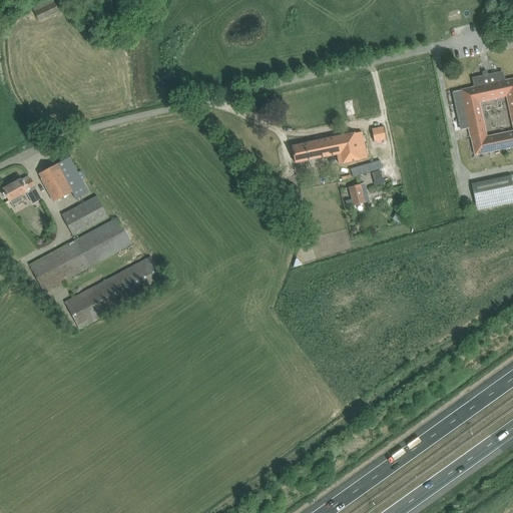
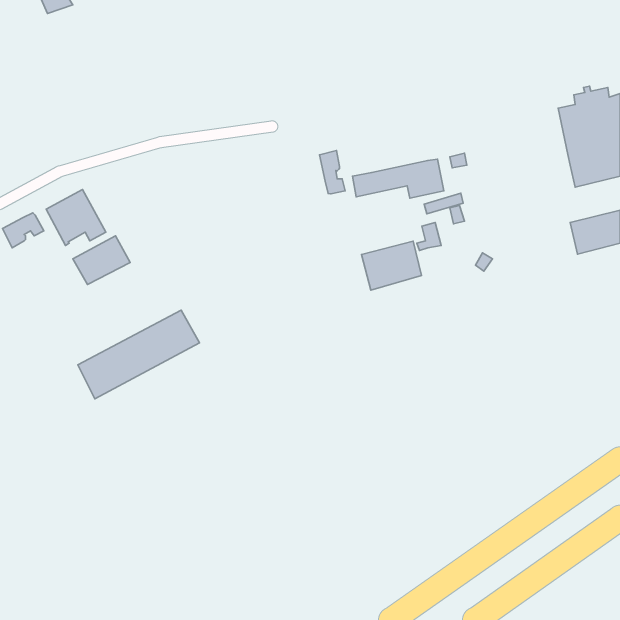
building: none -> [320,150,345,194]
building: none -> [362,241,421,290]
building: [28,216,131,291] -> none

